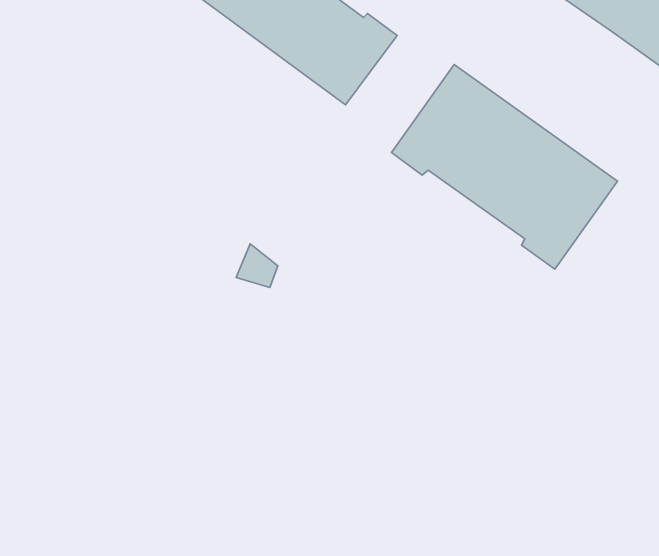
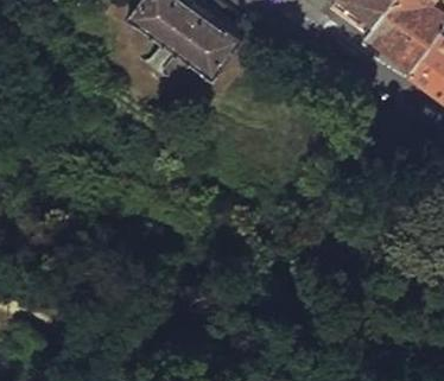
building: [392,64,618,269] -> none

